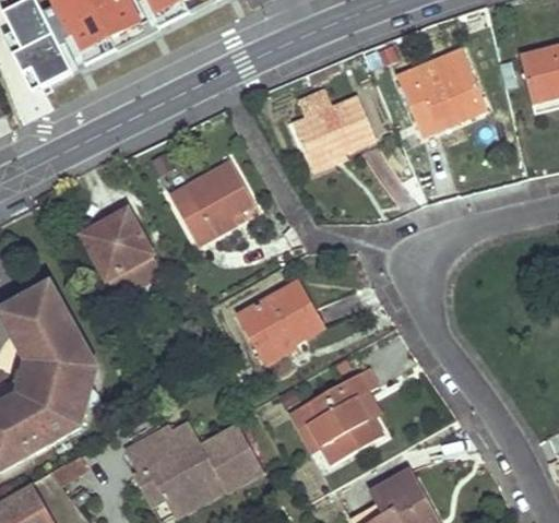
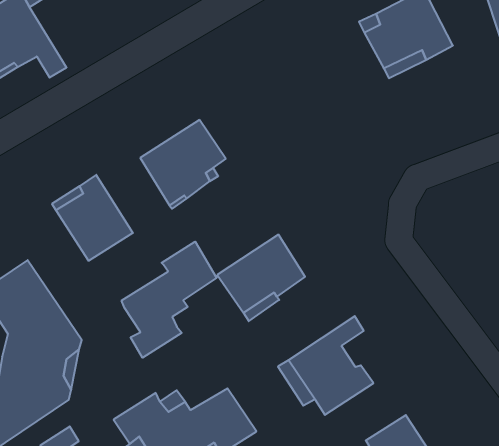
building: [293,95,374,169] -> none
building: none -> [122,242,217,358]

